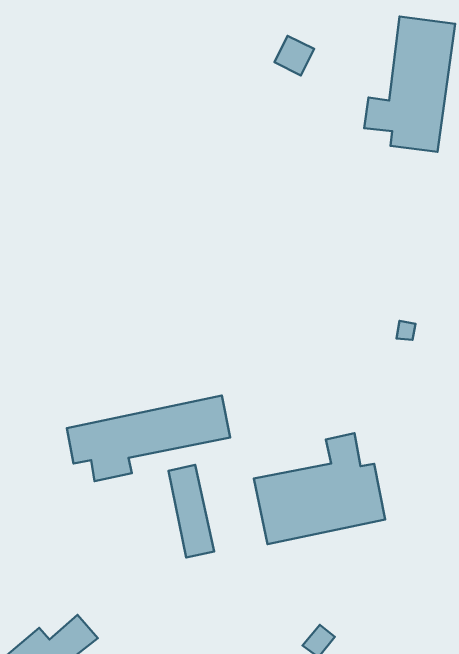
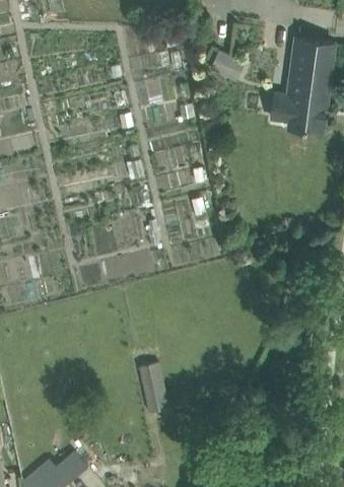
building: [67,395,230,481] -> none
building: [254,433,385,544] -> none

